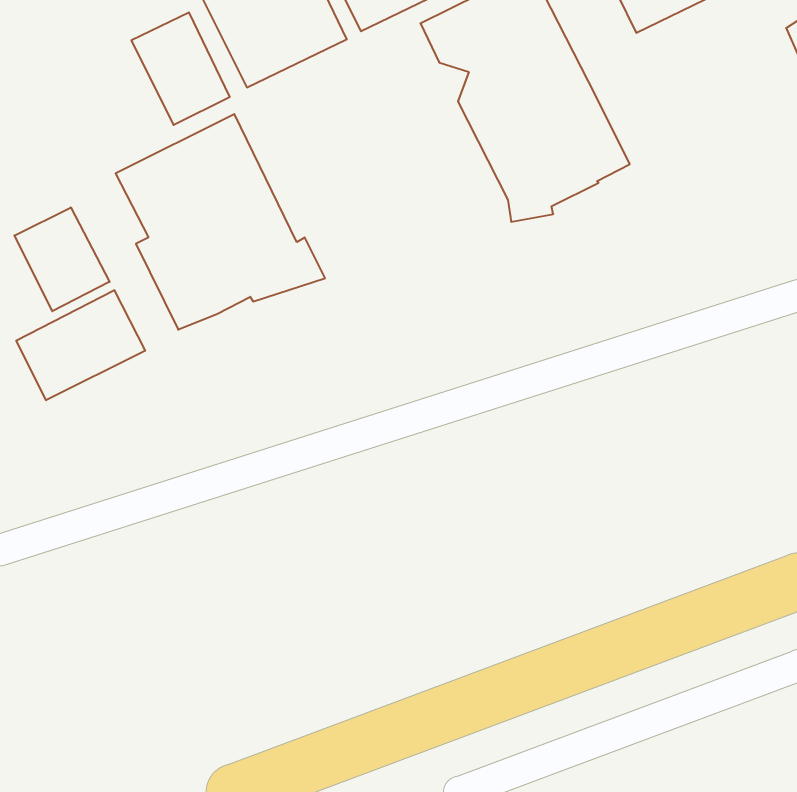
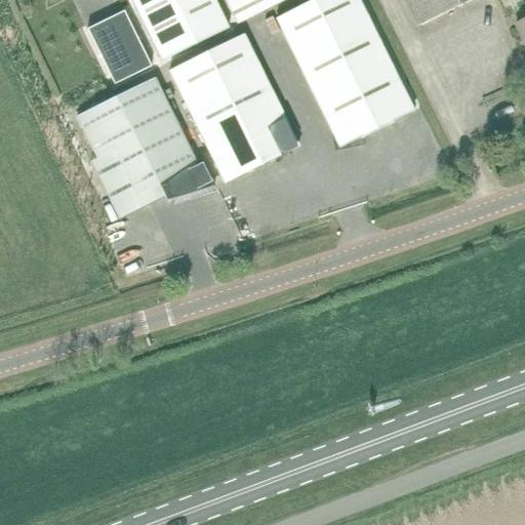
building: none -> [170,32,299,179]
building: [14,207,110,311] -> none
building: [16,290,145,400] -> none

